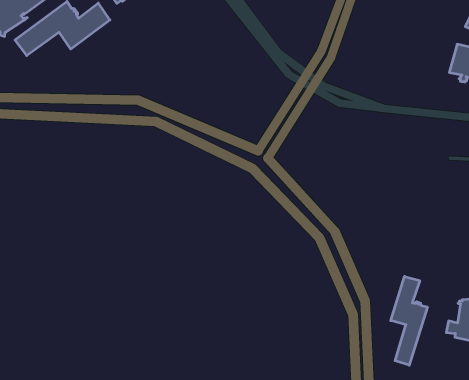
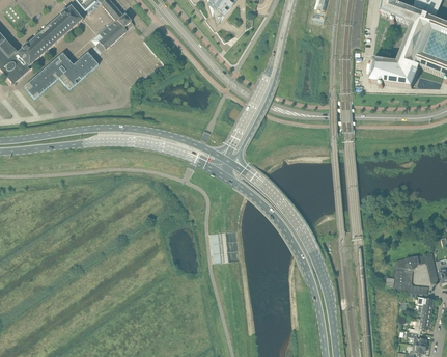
building: [391,276,427,365] -> none

